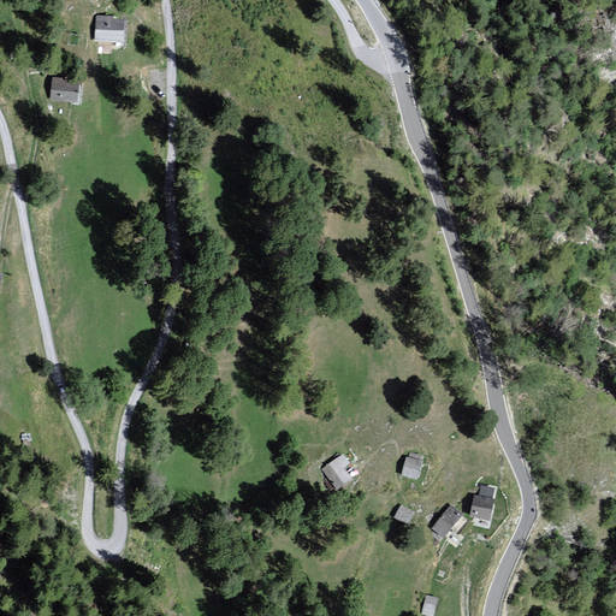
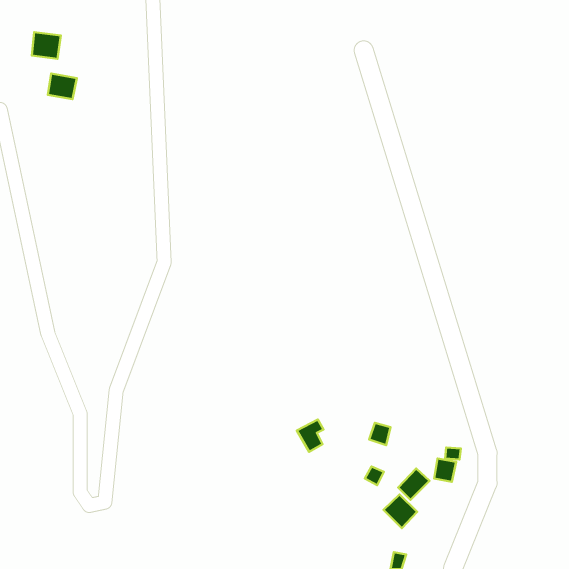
building: [95,18,126,47] -> [32,32,61,59]
building: none -> [384,494,417,528]

